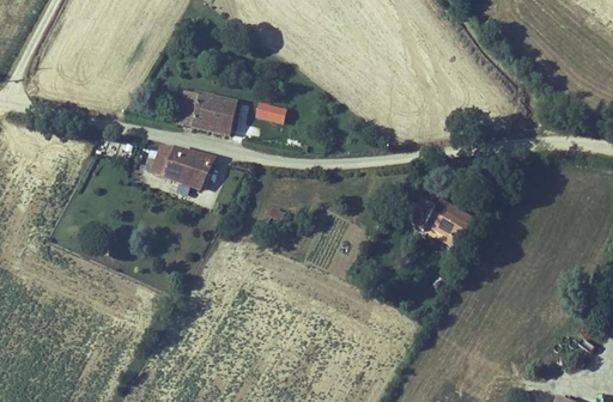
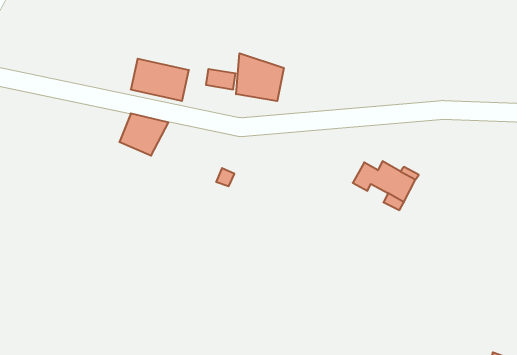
building: none -> [236,53,284,101]
building: [150,144,177,177] -> none

